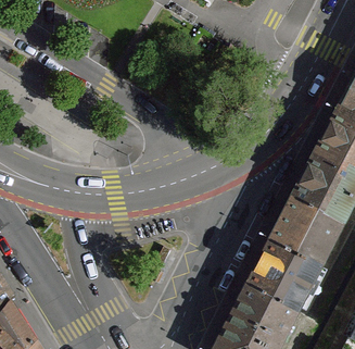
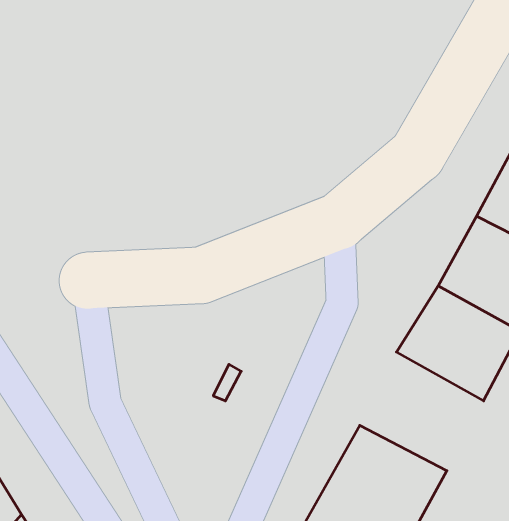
building: [244,238,321,312] -> none

